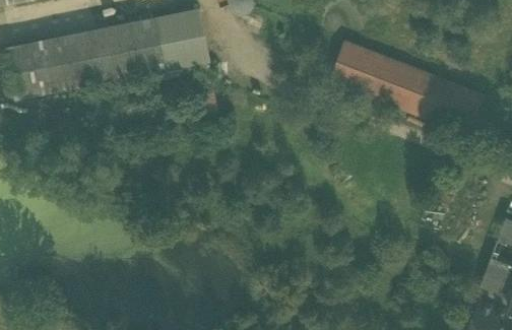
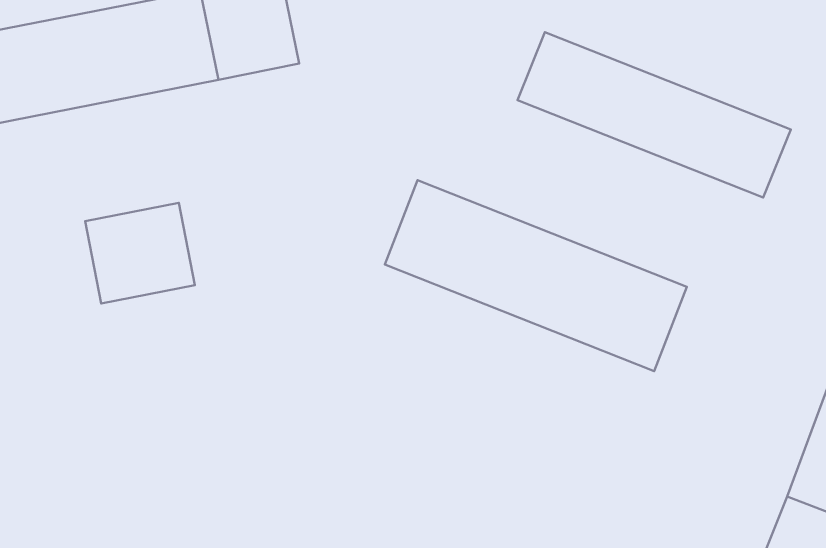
building: none -> [385,180,687,371]
building: none -> [85,203,195,303]

